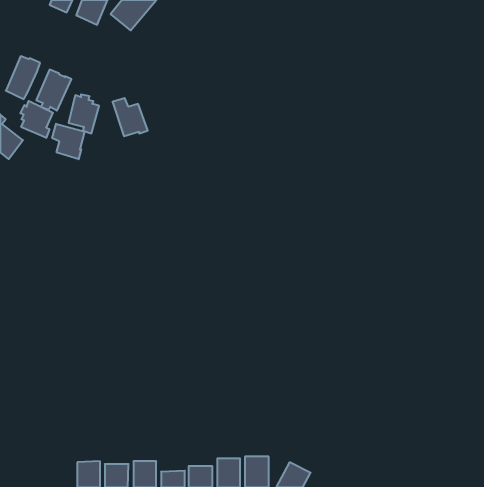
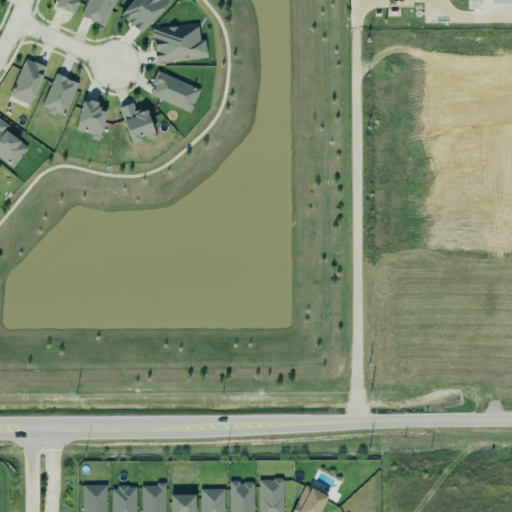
building: none -> [152,23,206,61]
building: none -> [149,70,200,112]
building: [20,101,53,138] -> none
building: [52,124,84,159] -> none

